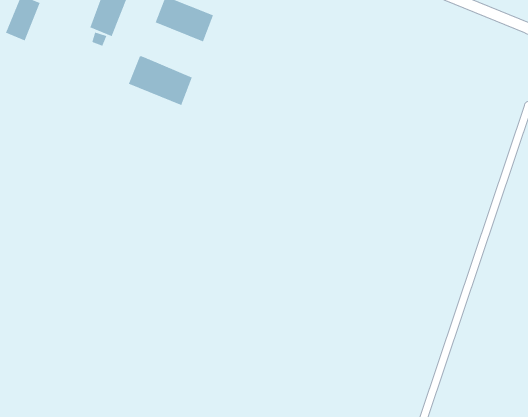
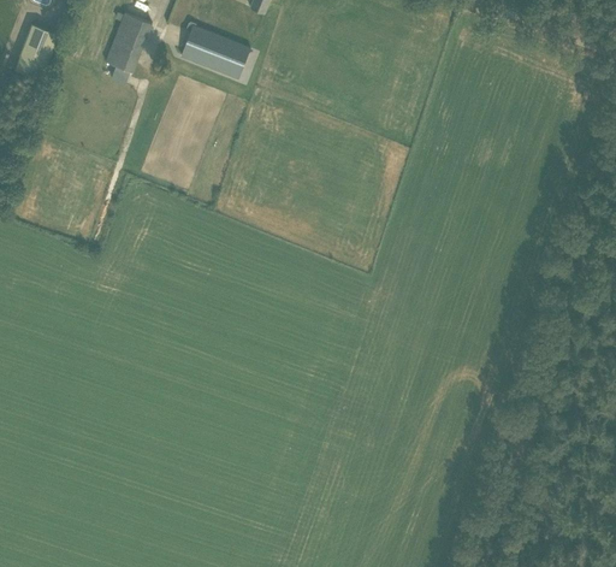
building: [128,56,192,106] -> none

